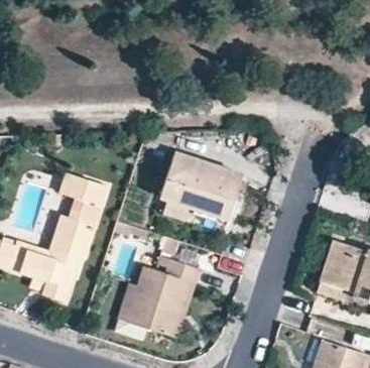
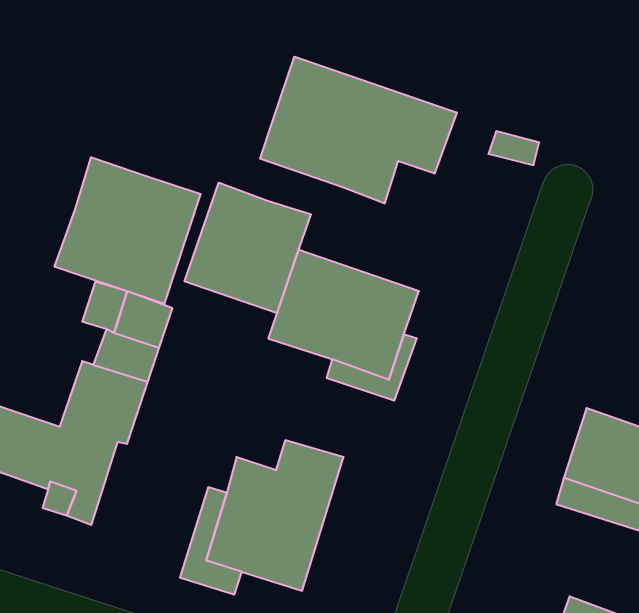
building: none -> [260,57,457,204]
building: none -> [55,157,201,304]
building: none -> [185,183,311,313]

